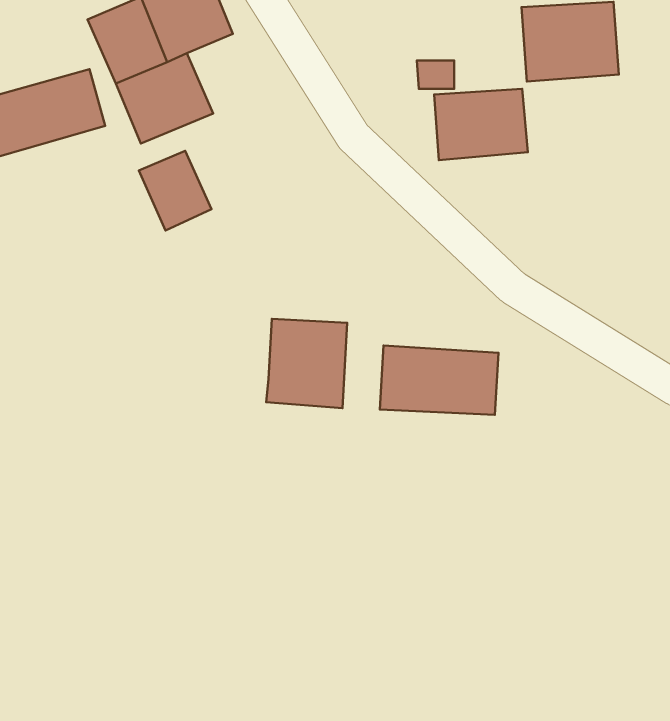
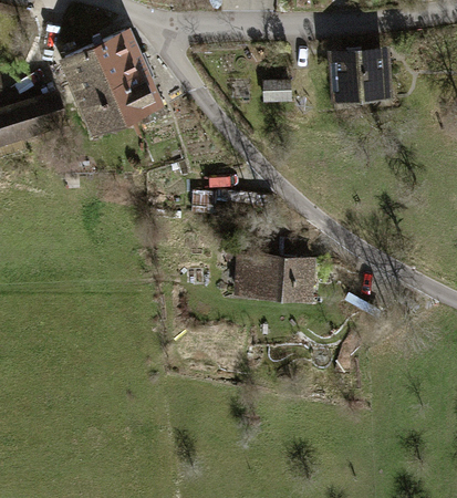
building: [434,89,528,160] -> none
building: [139,151,212,231] -> [118,65,164,115]
building: [266,319,347,408] -> none

